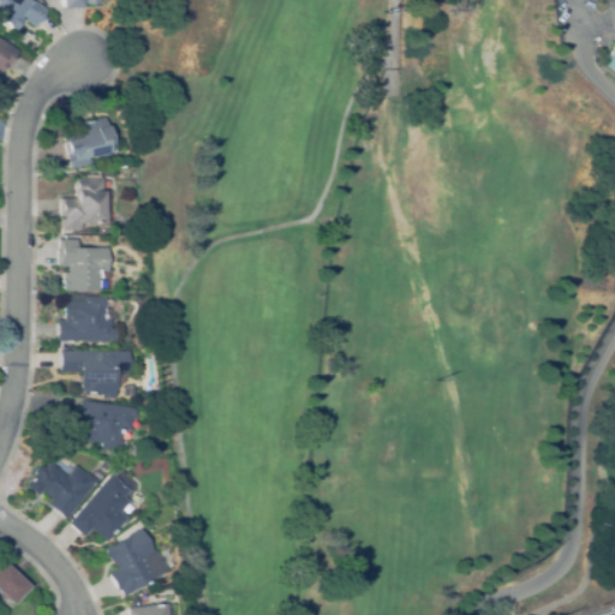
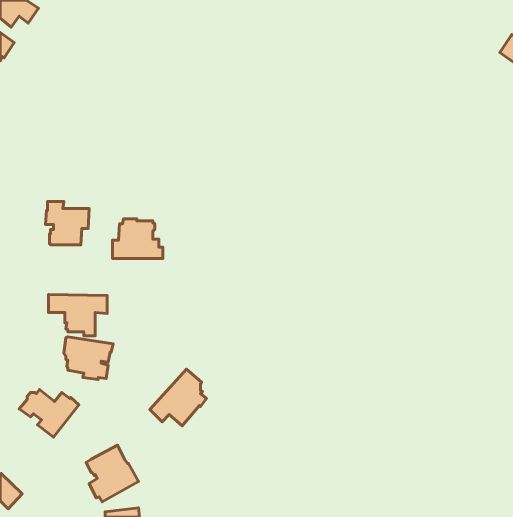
building: [67,117,115,168] -> none
building: [61,174,108,229] -> none
building: [59,294,119,341] -> [112,219,163,258]
building: [71,474,138,542] -> [150,369,207,426]

